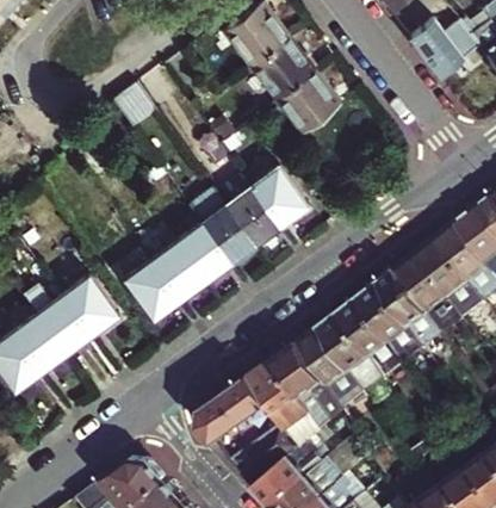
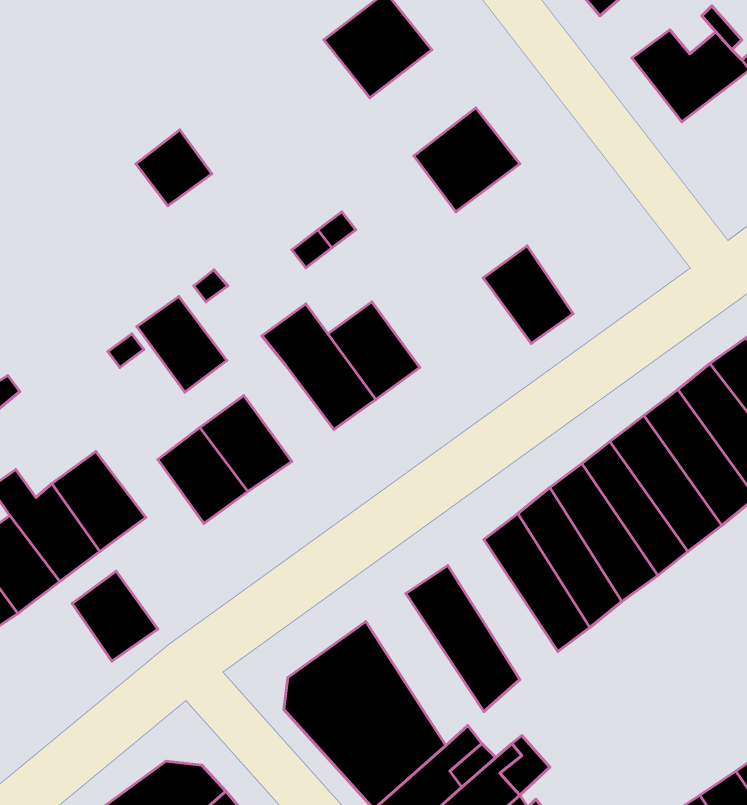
building: [250,36,314,99] -> none
building: [252,167,305,225] -> [483,246,573,344]
building: [175,224,229,281] -> [137,296,227,392]
building: [297,328,362,411] -> none
building: none -> [72,571,158,661]
building: [248,360,318,451] -> none

